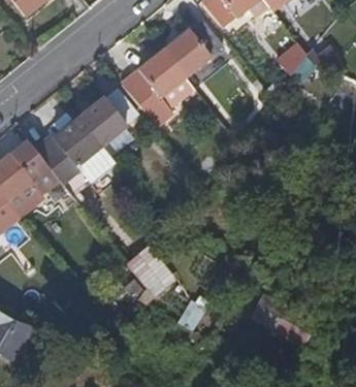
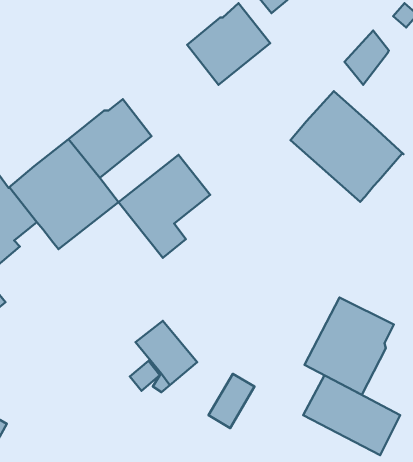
building: [119,52,185,126] -> [118,155,210,258]
building: none -> [291,91,403,202]
building: none -> [305,297,394,395]

